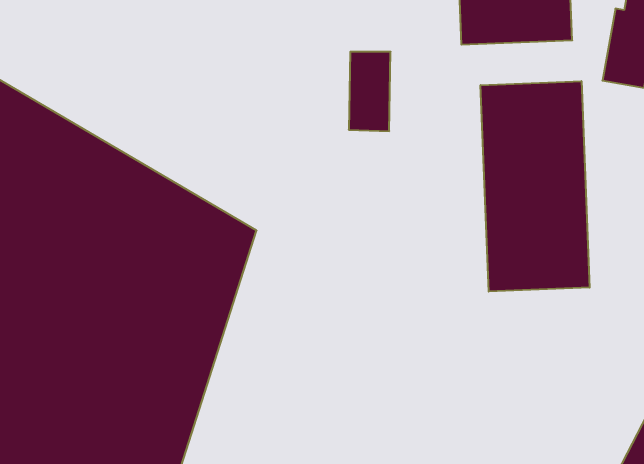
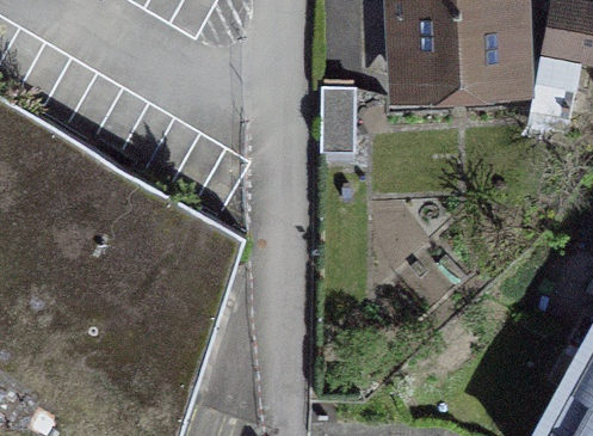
building: [481,81,590,292] -> none

